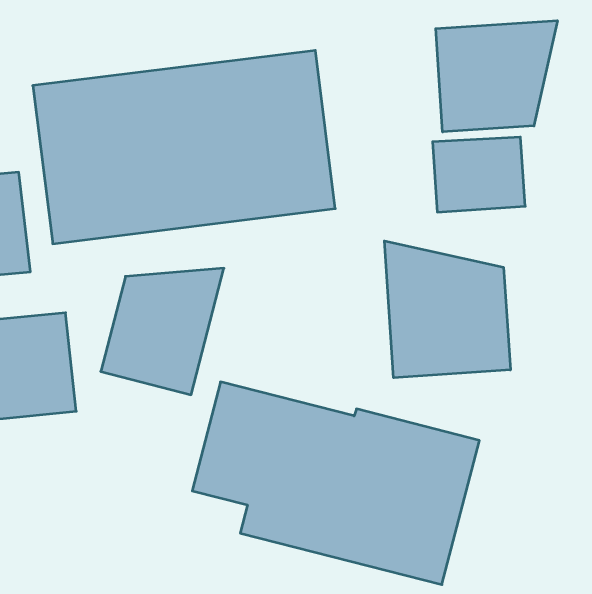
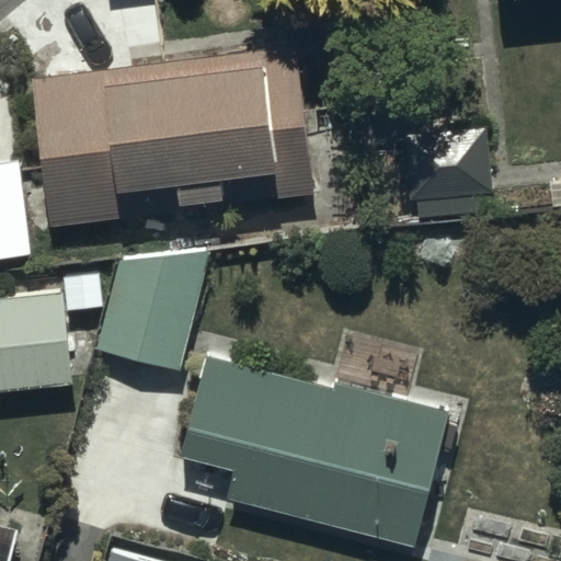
building: [436,21,557,132] -> none
building: [384,241,510,378] -> none

